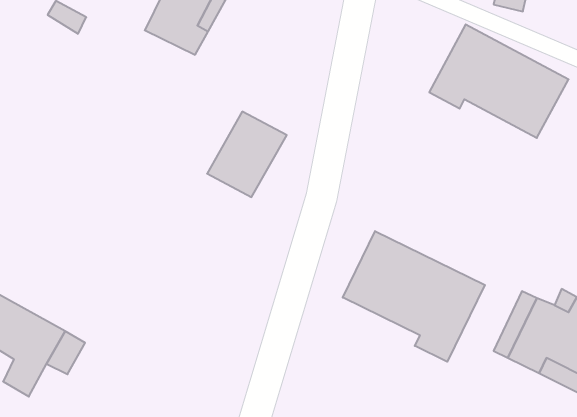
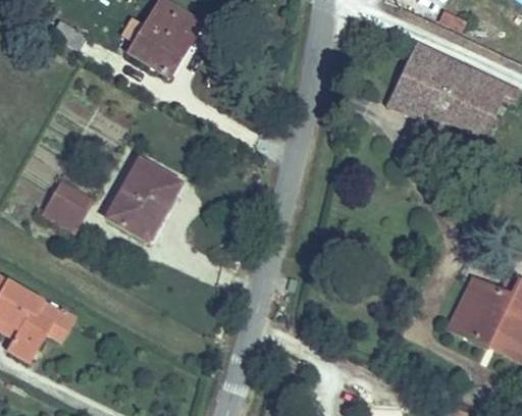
building: [207,112,287,197] -> [110,164,179,239]
building: none -> [46,180,89,221]
building: [343,231,485,362] -> none

